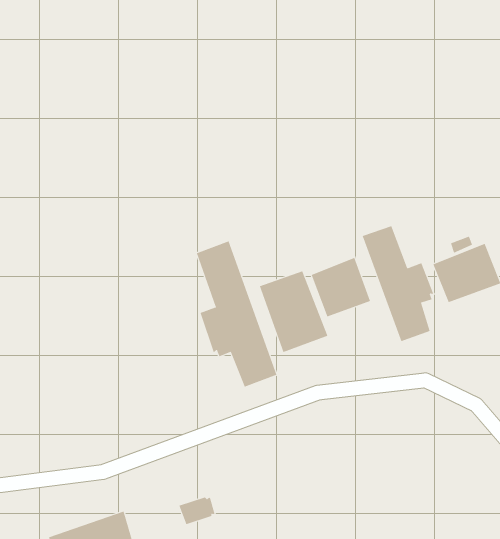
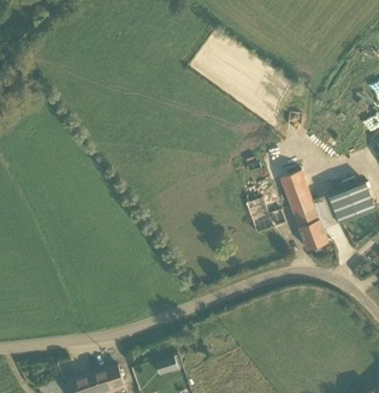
building: [196,241,277,387] -> none
building: [259,271,328,353] -> none

